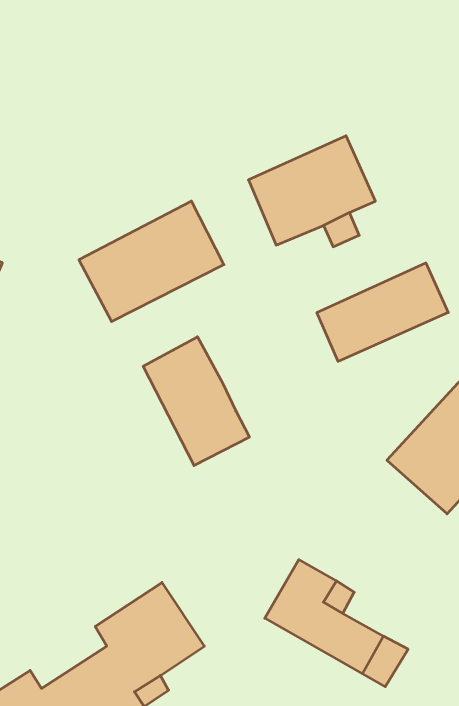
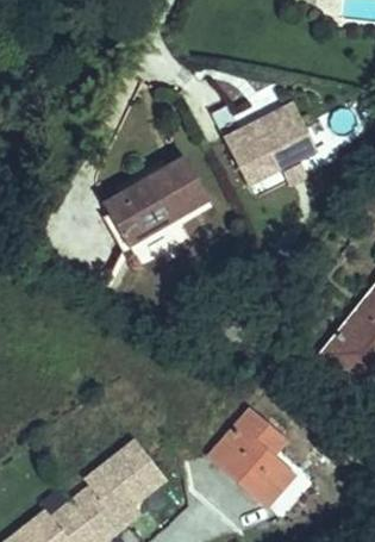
building: [317,263,448,361] -> none
building: [143,337,249,466] -> none

